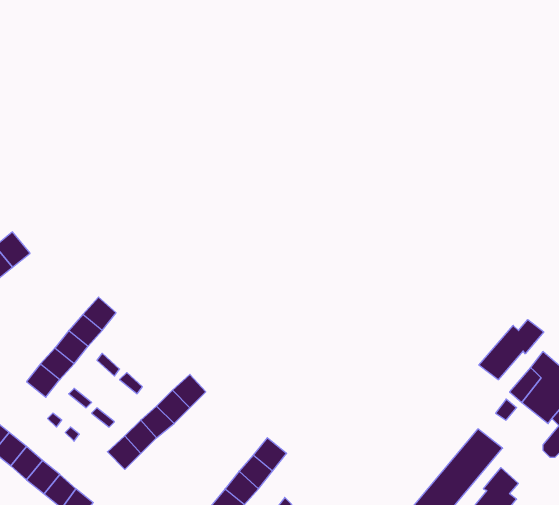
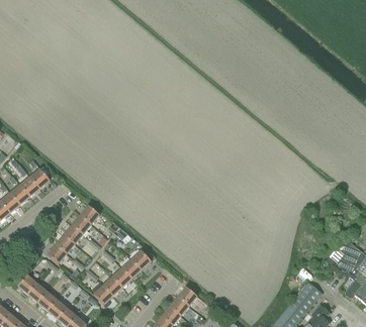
building: [479,320,544,380] -> none

